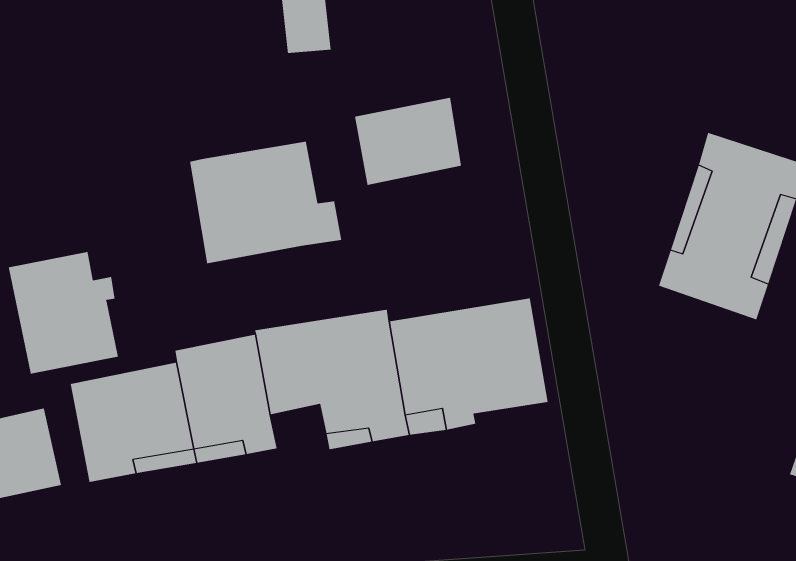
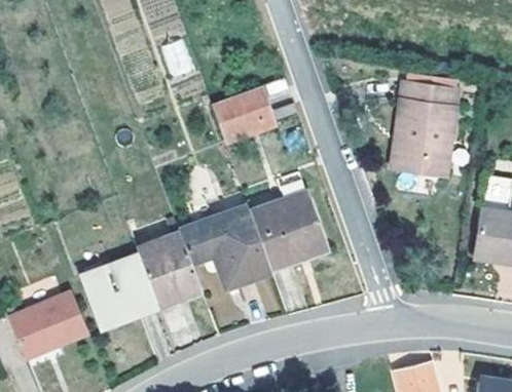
building: [190,141,342,264] -> none
building: [8,251,119,374] -> none

